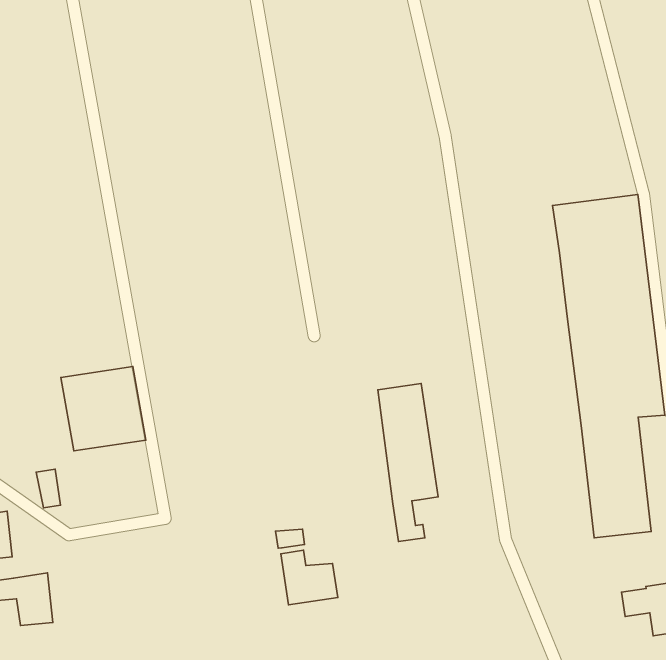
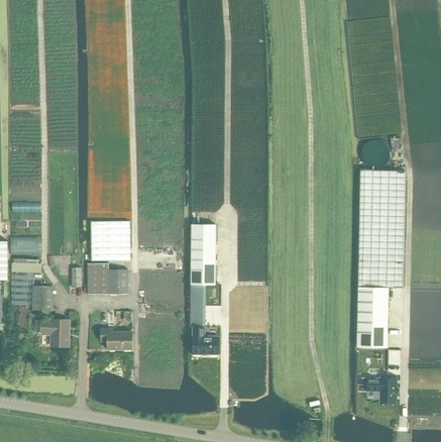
building: [378,383,438,542] -> [191,223,215,304]
building: none -> [88,262,128,294]
building: none -> [100,329,132,350]

